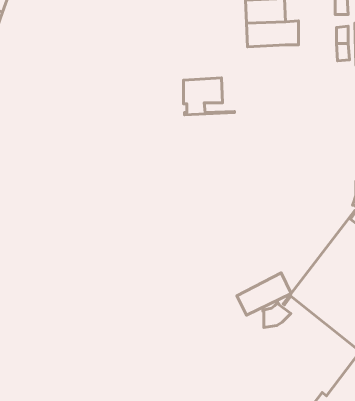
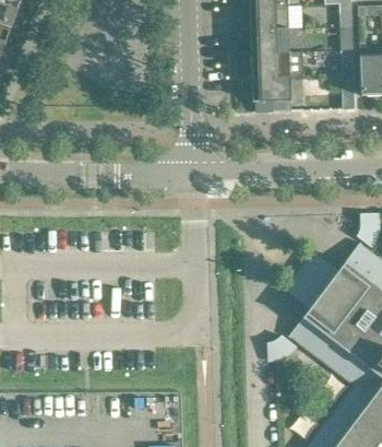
building: [183,78,234,115] -> [253,75,305,113]
building: [237,273,291,315] -> none

